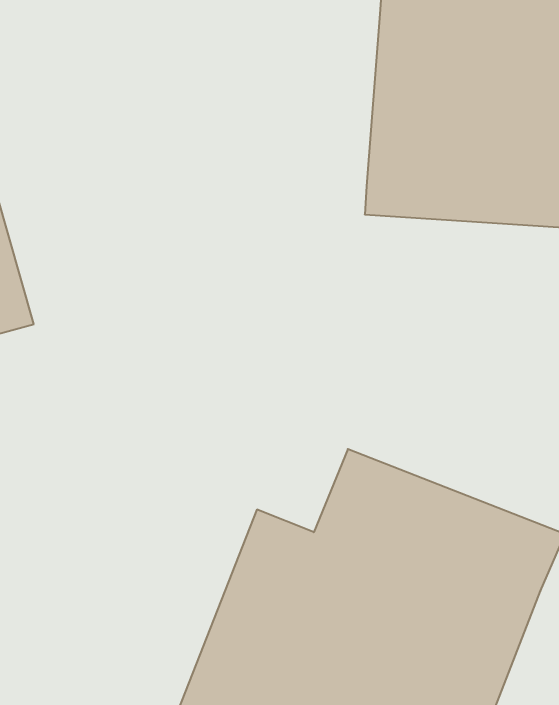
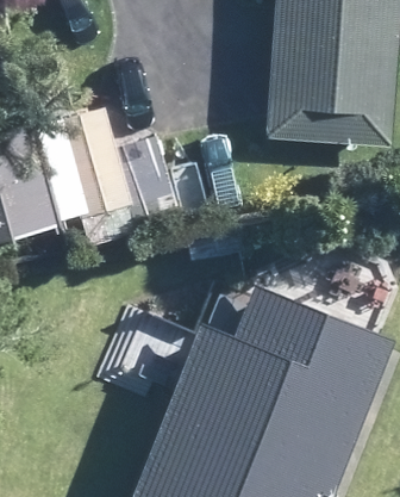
building: none -> [52,108,179,224]

